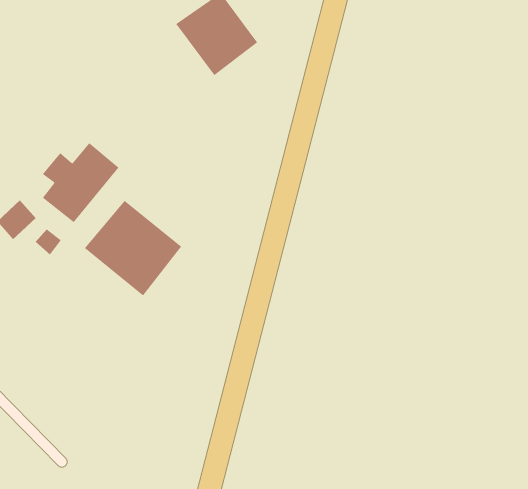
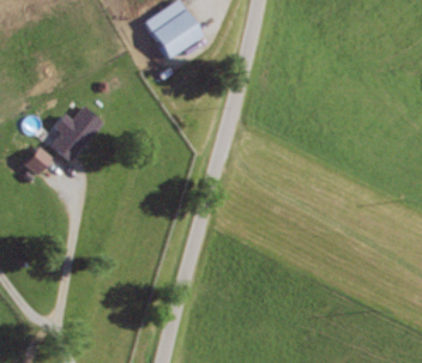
building: [84,200,182,297] -> none

